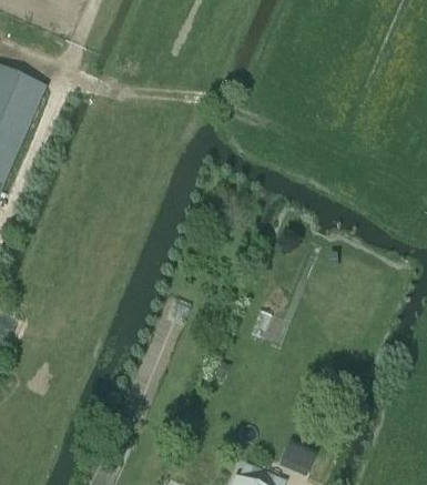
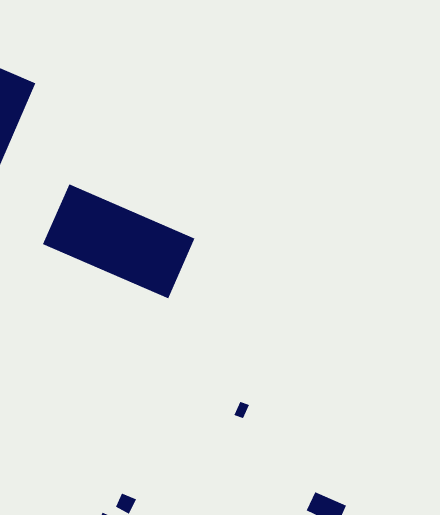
building: none -> [42,184,195,299]

